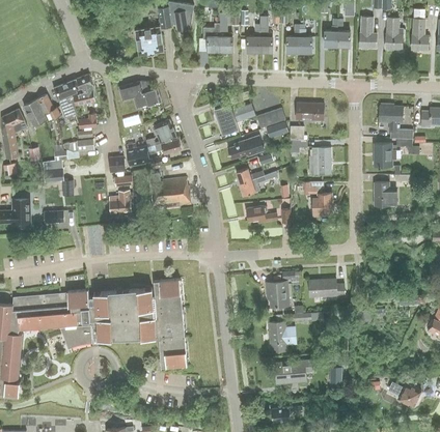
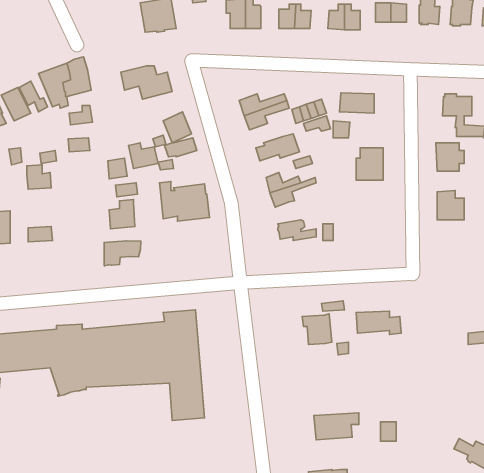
building: [302,181,331,215] -> none
building: none -> [104,241,141,266]
building: [268,321,296,351] -> none

